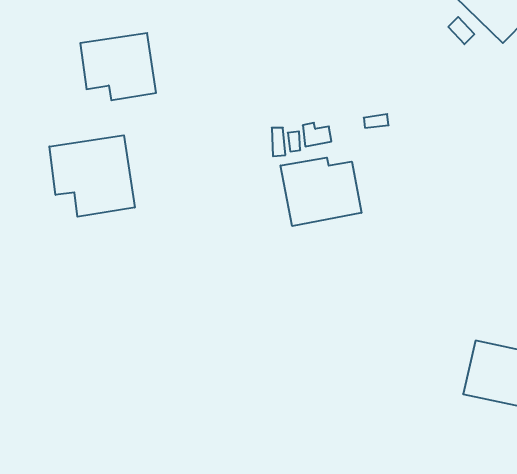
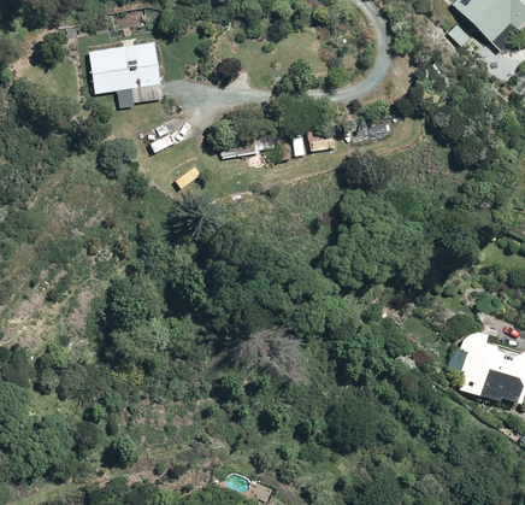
building: [49,135,135,217] -> none
building: [281,158,361,226] -> none

